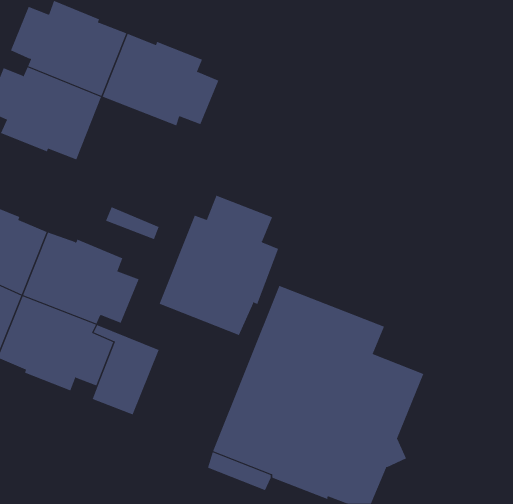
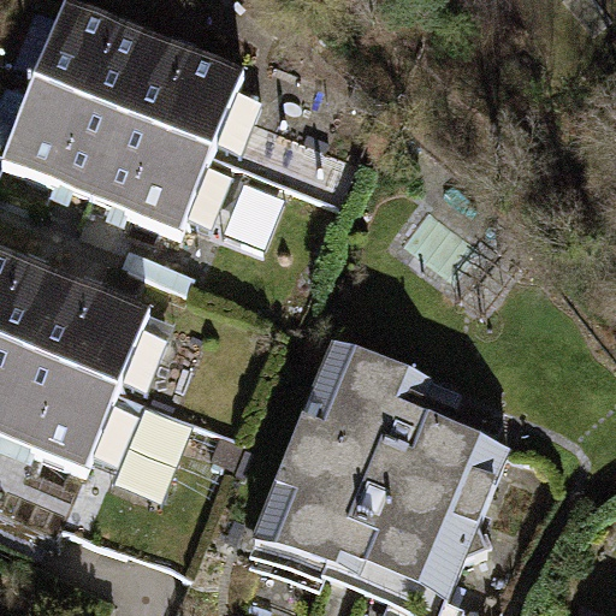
building: none -> [91,116,231,230]
building: [159,195,279,336] -> none

